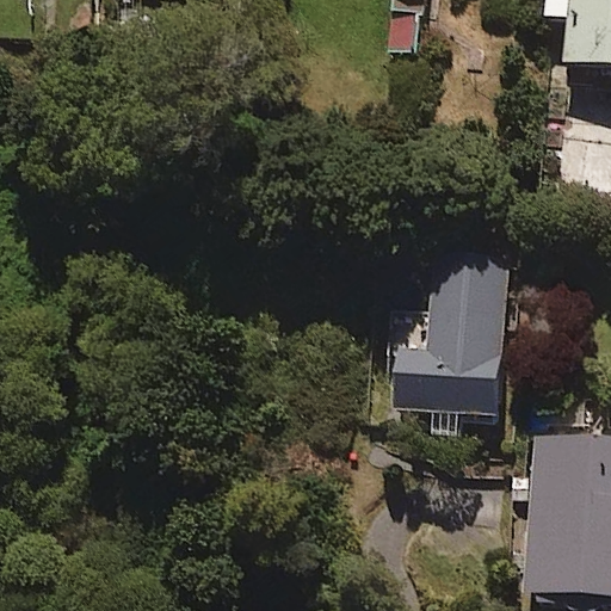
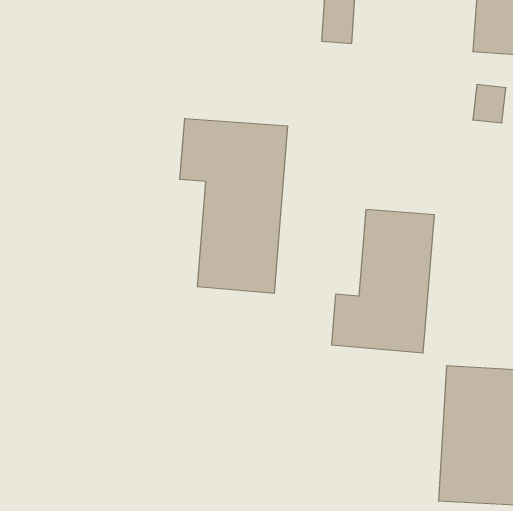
building: none -> [180,118,288,293]

